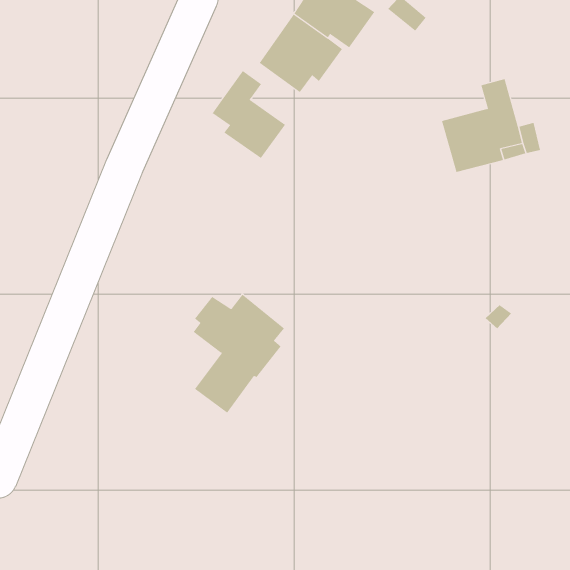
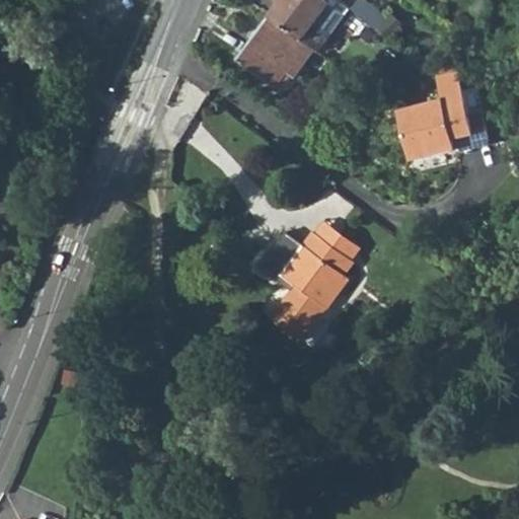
building: [212,70,286,159] -> none
building: [193,294,285,414] -> [274,231,357,340]

